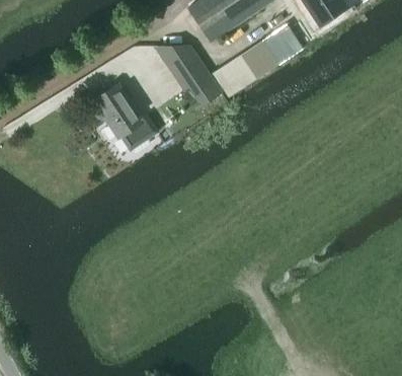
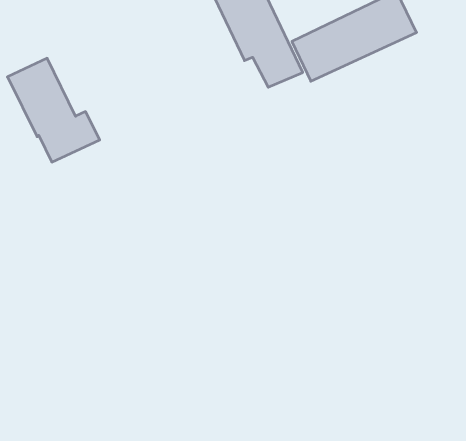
building: [94,85,161,153] -> [7,58,100,162]

